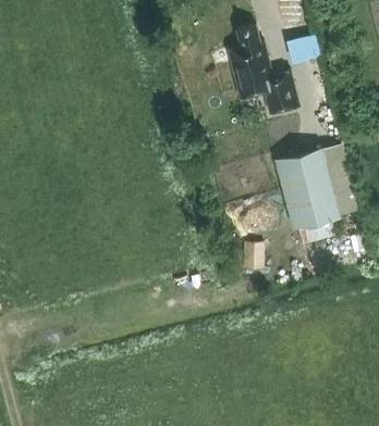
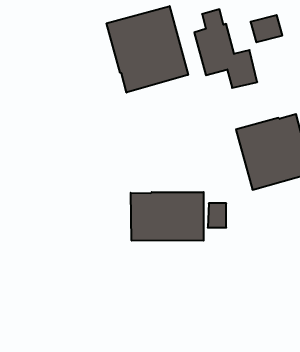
building: none -> [107,6,188,93]
building: none -> [131,192,204,241]

